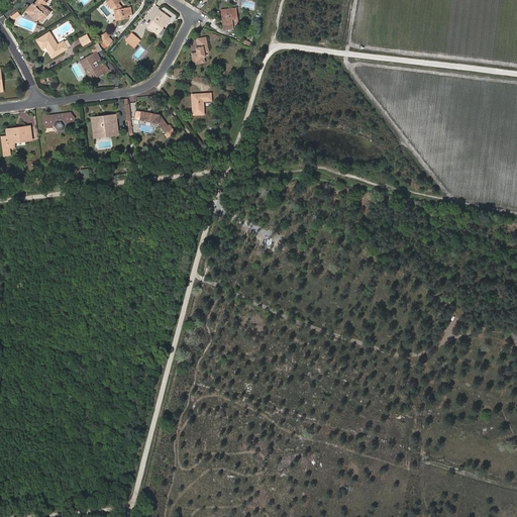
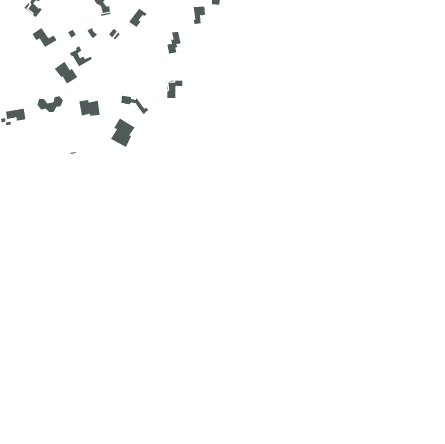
building: none -> [54,61,78,84]
building: none -> [110,118,135,148]

